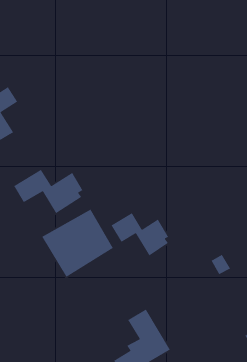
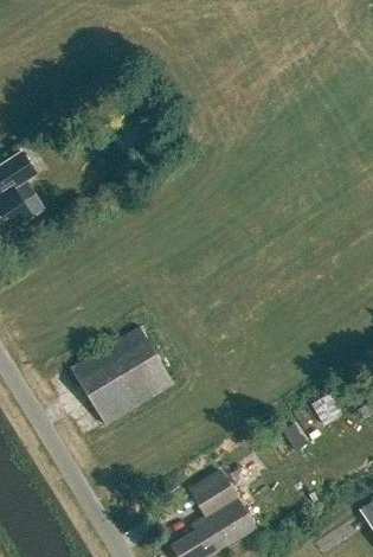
building: [13,169,83,214] -> none
building: [111,212,169,256] -> none

